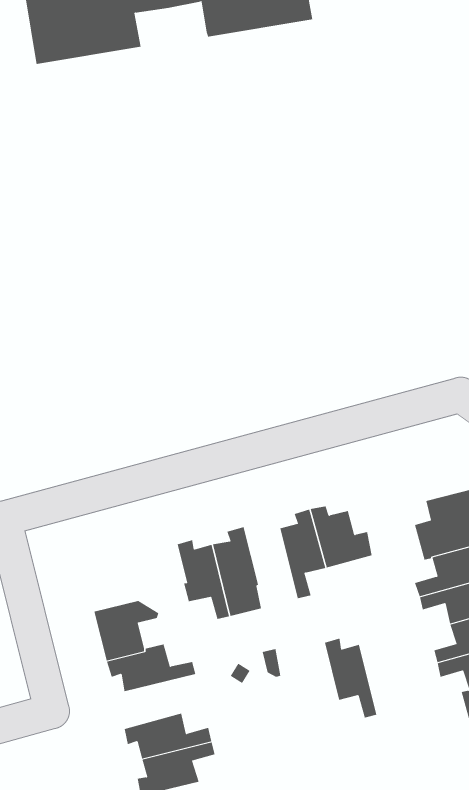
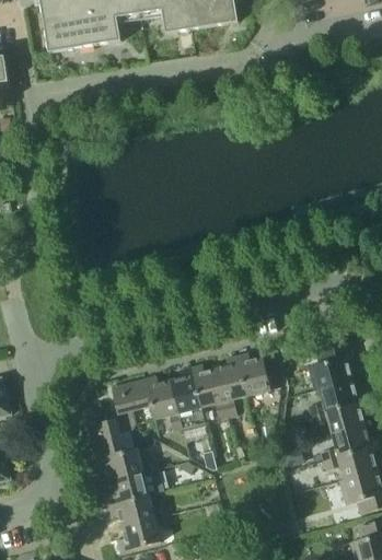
building: none -> [111,378,151,425]
building: [324,638,377,718] -> [190,363,227,418]
building: none -> [105,467,160,504]

